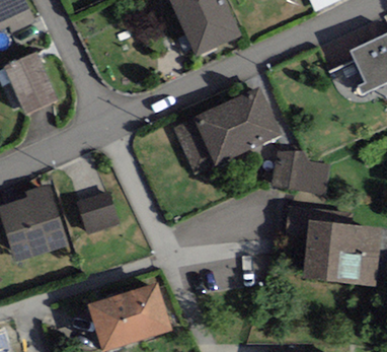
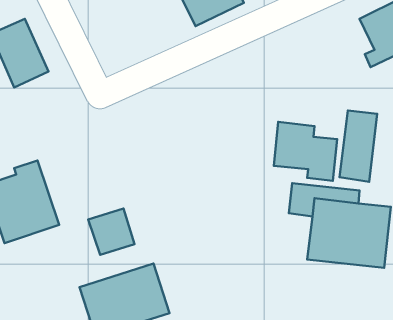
building: [172,86,282,177] -> none
building: none -> [340,110,377,182]
building: [76,192,120,235] -> [88,209,134,255]

